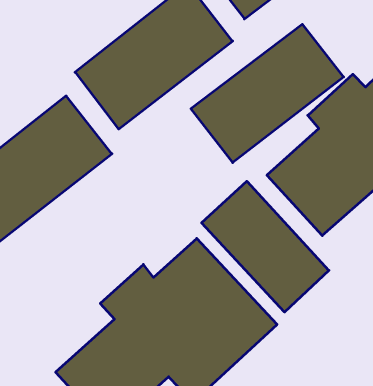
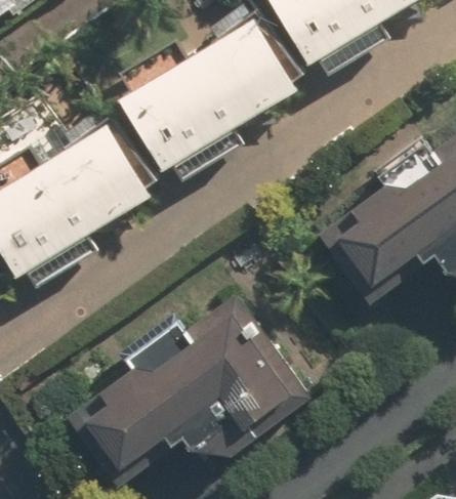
building: [191,24,344,163] -> none
building: [202,181,329,312] -> none

